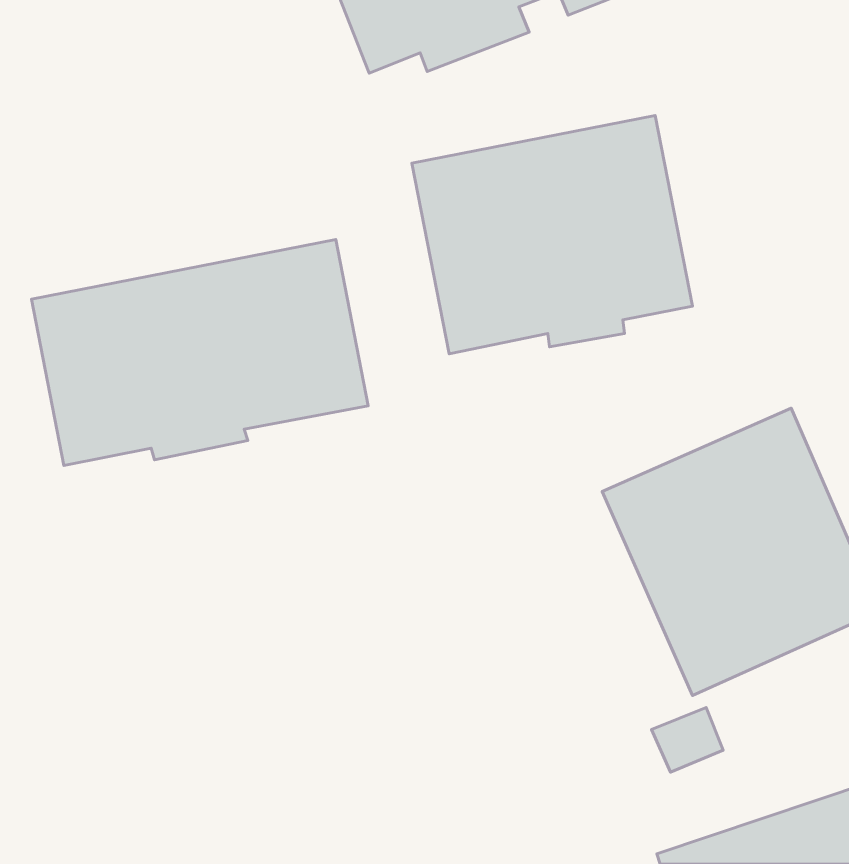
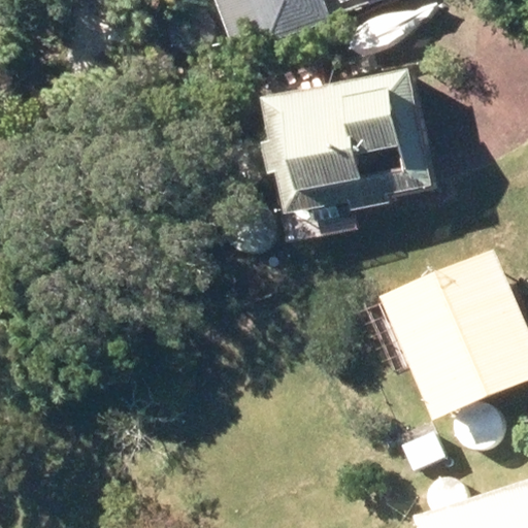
building: [32,240,368,465] -> none

